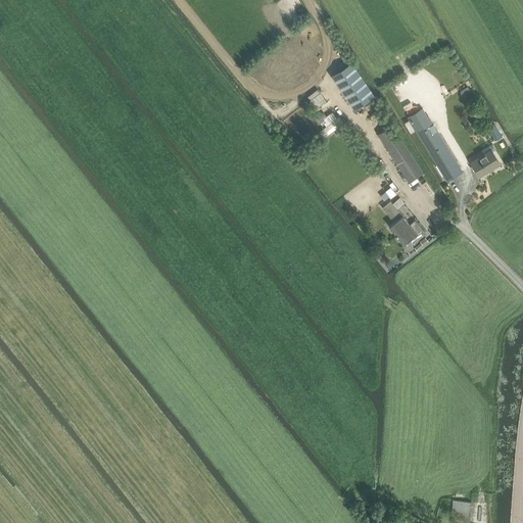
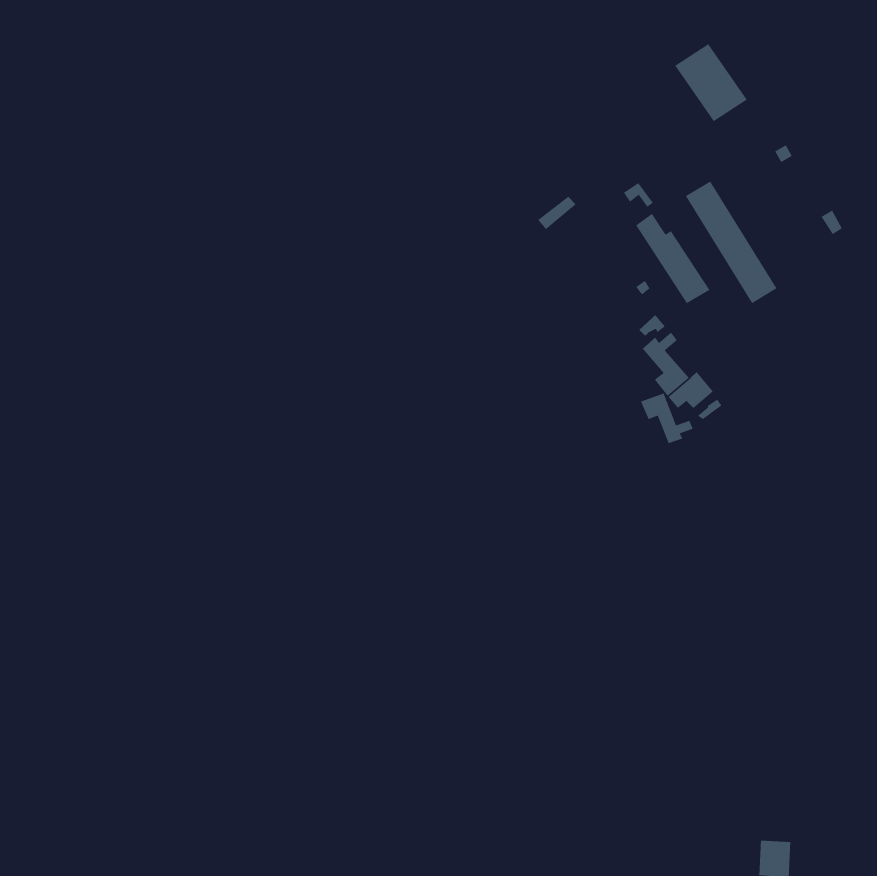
building: [331,62,375,109] -> [674,43,748,122]
building: [471,150,500,177] -> none
building: none -> [640,393,694,444]

